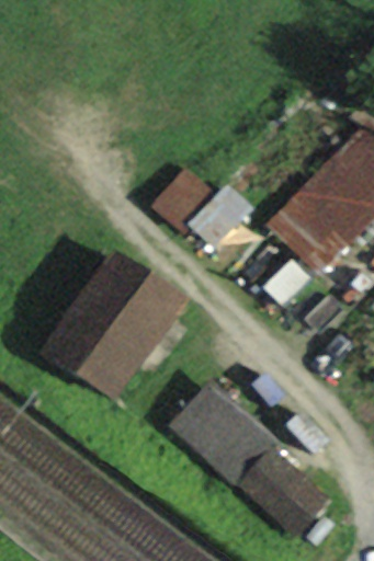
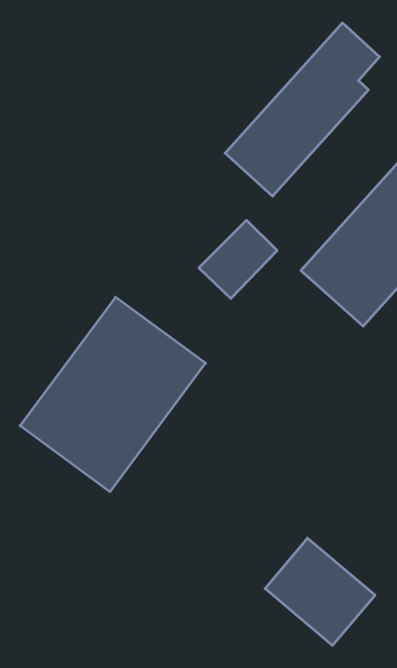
building: none -> [225,23,380,196]
building: [167,386,274,488] -> none

